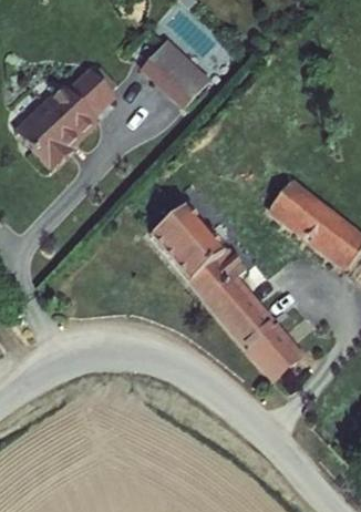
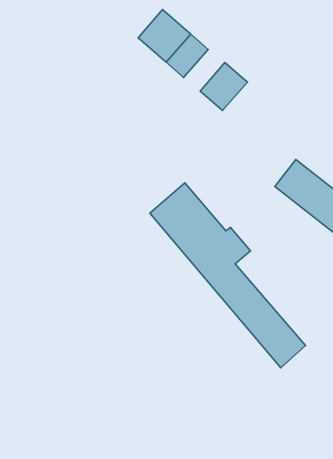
building: [16,69,114,167] -> none
building: none -> [200,63,247,111]

